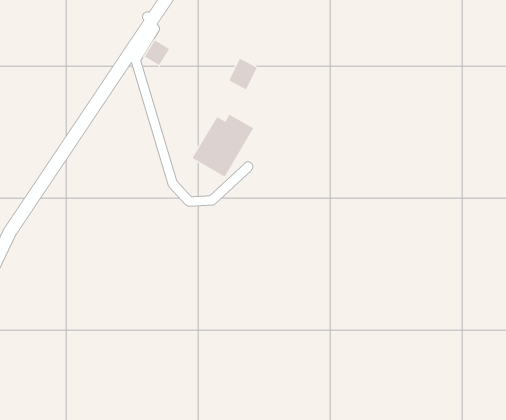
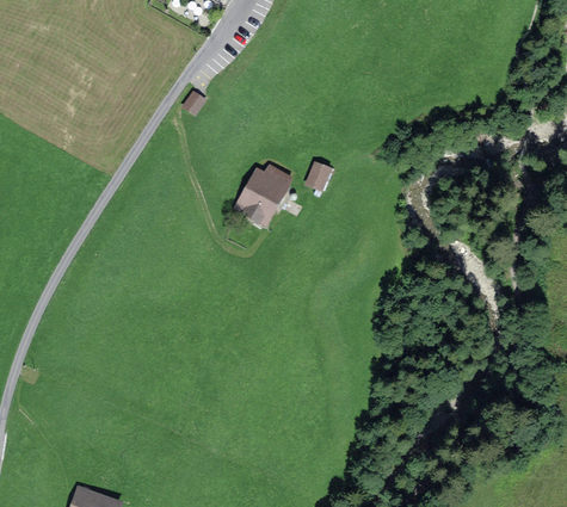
building: [229,58,257,90] -> [306,159,334,191]

